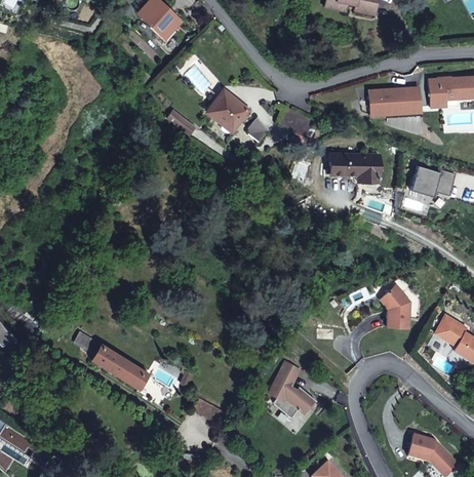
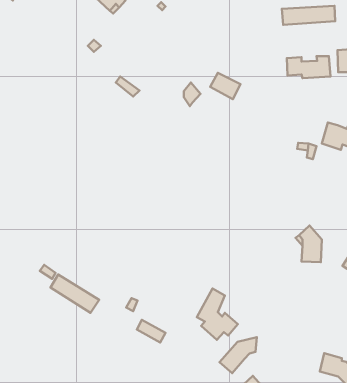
building: none -> [282,6,335,25]
building: [207,91,247,130] -> none
building: [330,154,379,182] -> none
building: none -> [220,337,257,373]

